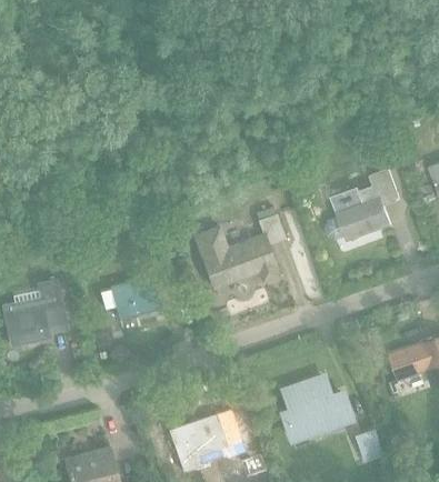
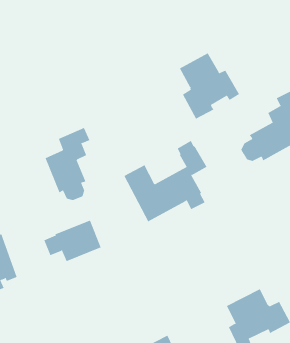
building: none -> [179,52,240,119]
building: none -> [45,127,90,201]

